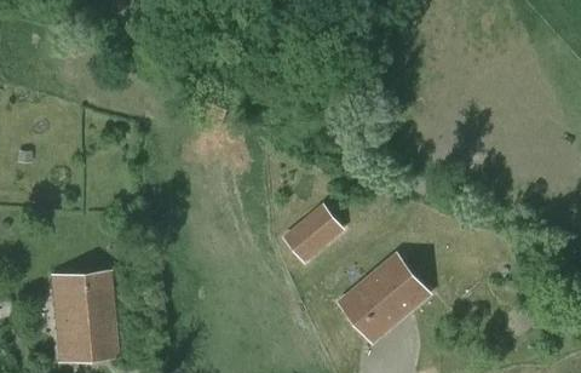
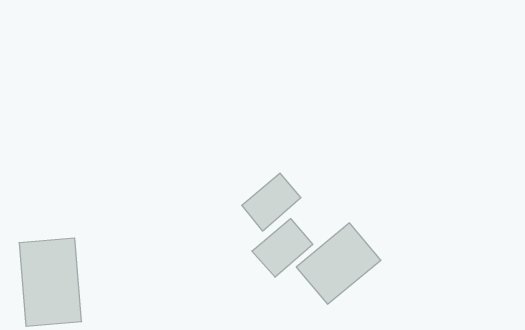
building: none -> [252,219,313,277]

